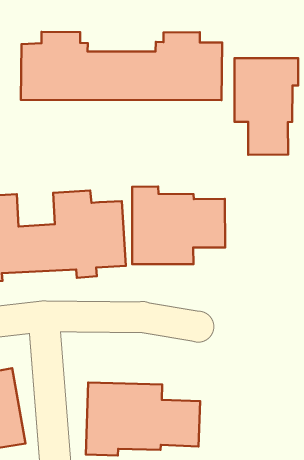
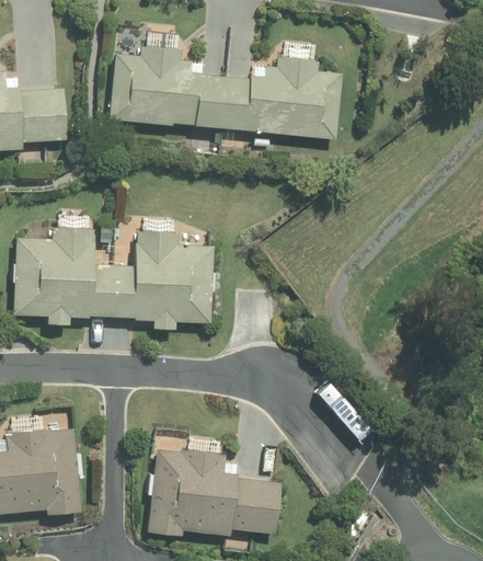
building: [234,58,298,155] -> none
building: [132,187,225,264] -> none

